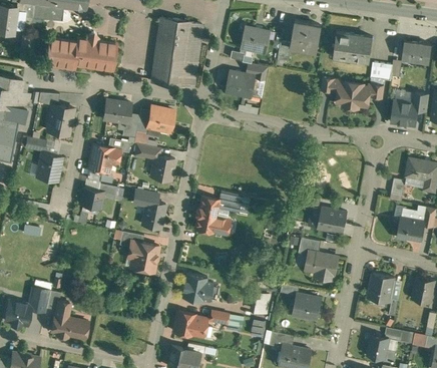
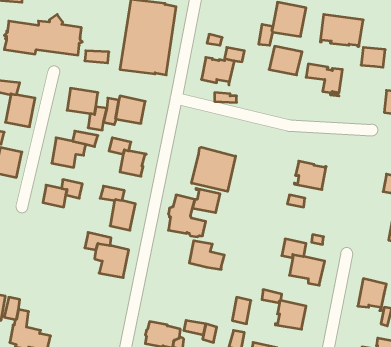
building: [241,27,271,53] -> [269,46,302,75]
building: [351,83,384,107] -> none
building: none -> [192,147,236,191]
building: [318,208,347,234] -> [294,161,326,190]
building: [181,276,213,302] -> [189,241,224,269]

